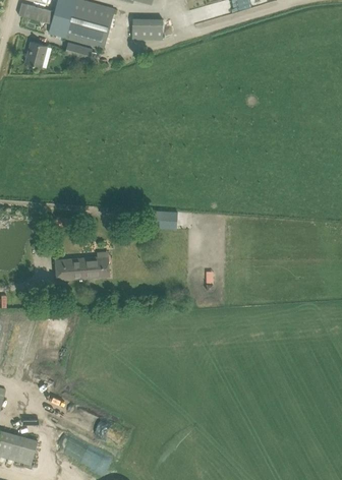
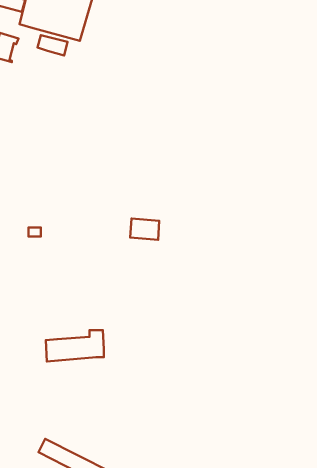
building: [129,17,163,39] -> none
building: [56,251,109,280] -> [46,330,104,361]

